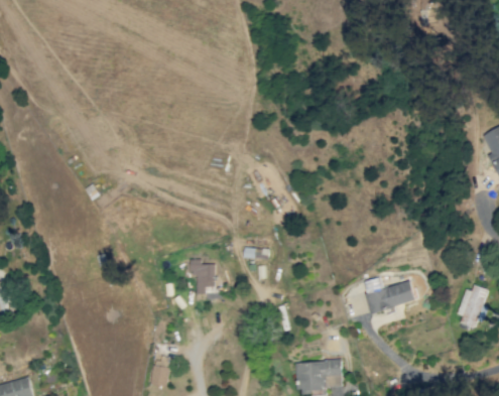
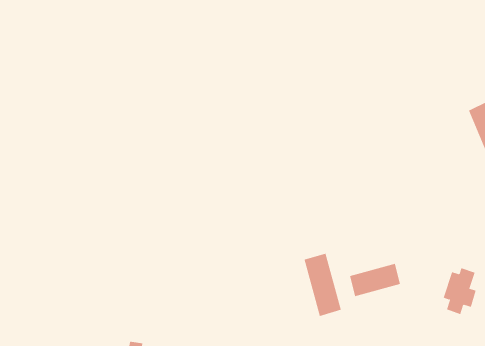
building: [190,260,214,294] -> none
building: none -> [304,253,341,317]

